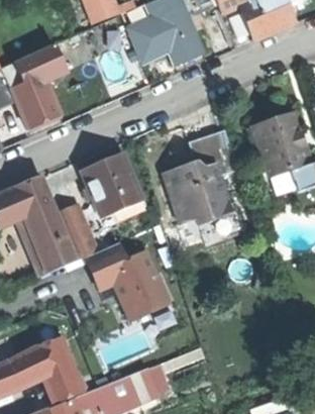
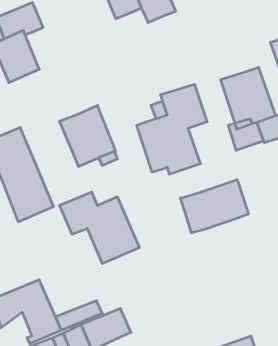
building: [57,206,97,261] -> none
building: none -> [180,180,248,233]

